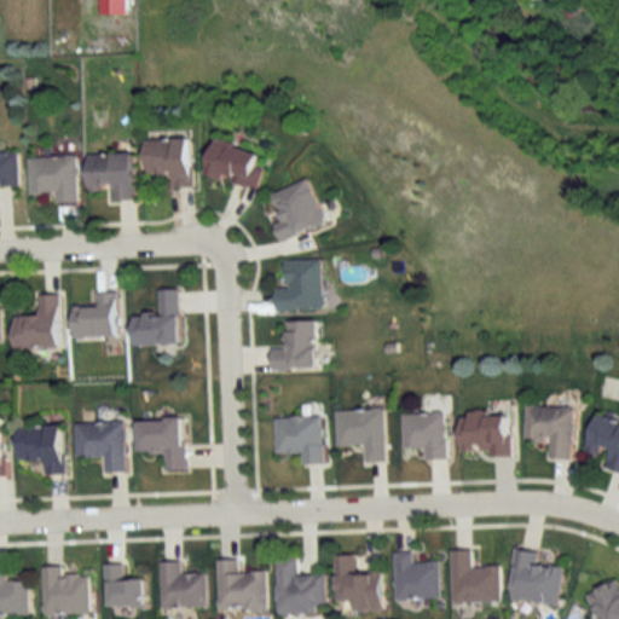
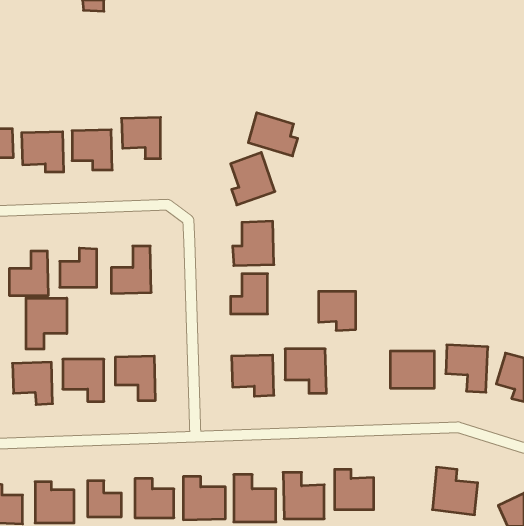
building: [203,138,261,189] -> [248,113,298,156]
building: none -> [26,298,67,349]
building: [400,413,444,459] -> [319,291,356,330]
building: [451,549,499,601] -> none

